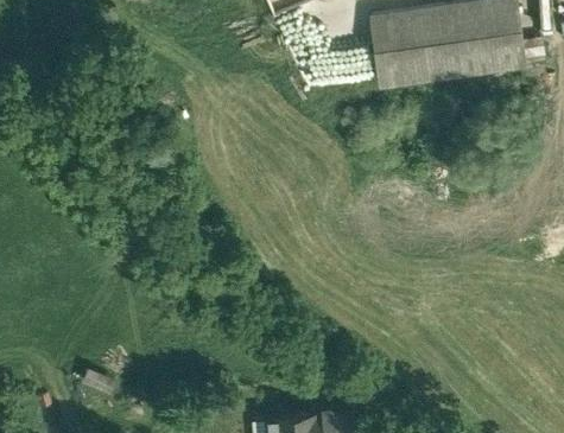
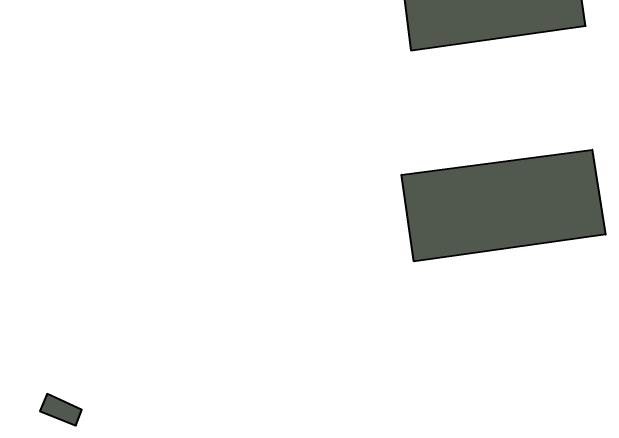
building: none -> [402,150,606,261]

